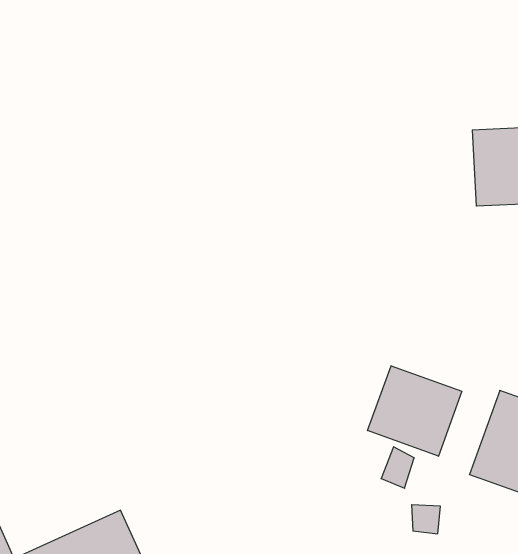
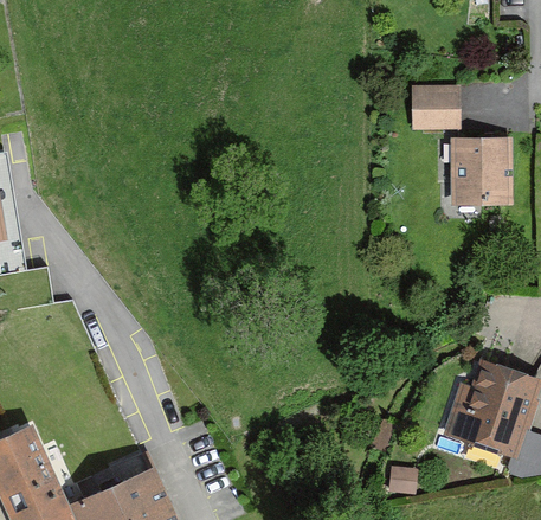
building: none -> [418,90,445,130]
building: [368,366,462,456] -> none

